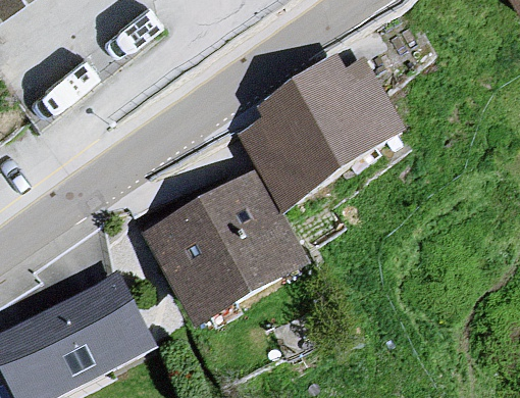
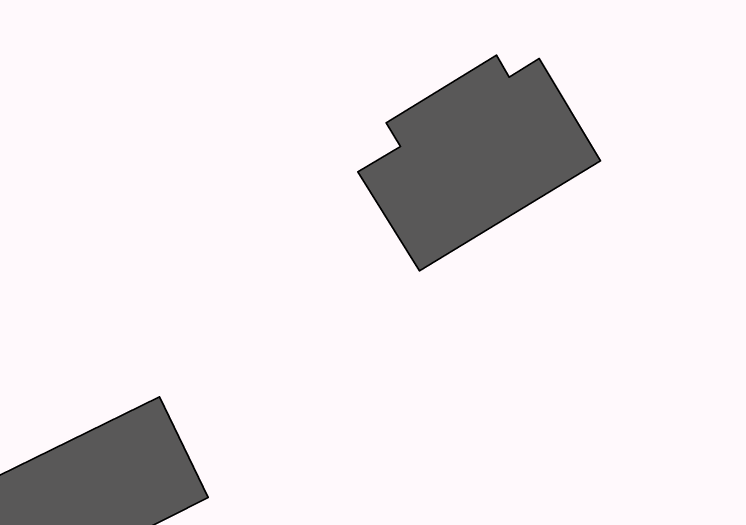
building: [151,179,305,325] -> none

